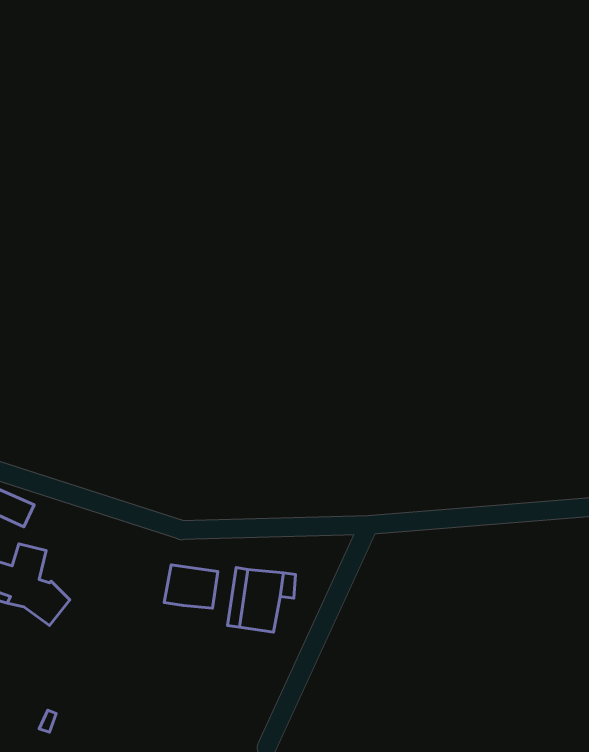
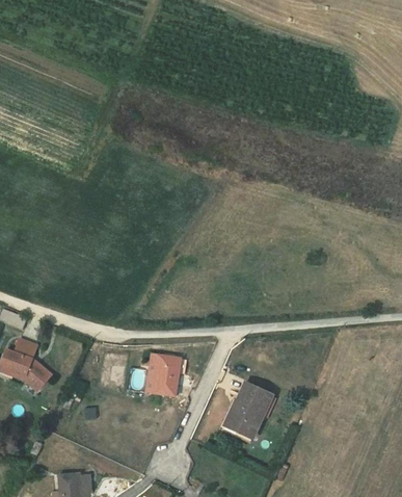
building: [164,565,218,608] -> none
building: none -> [227,382,275,436]

